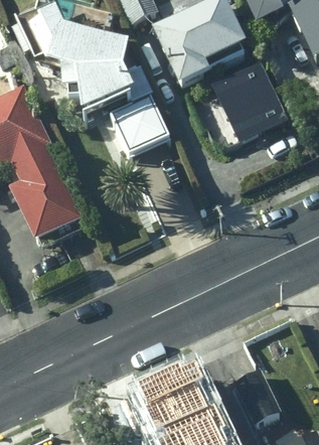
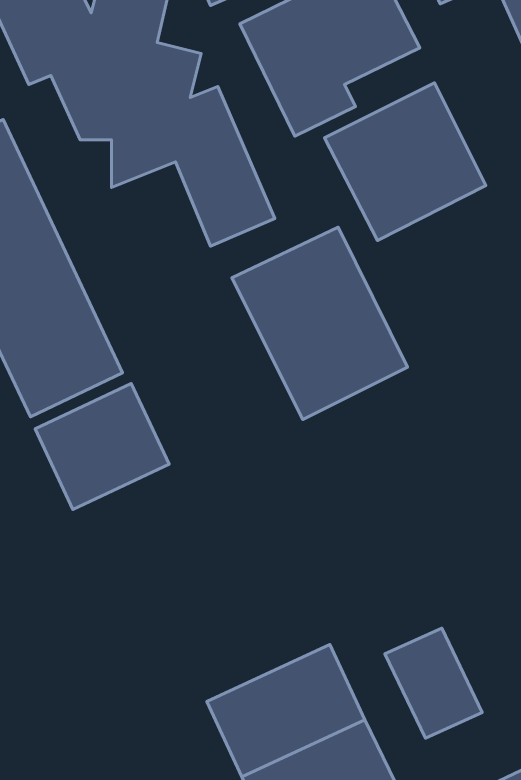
building: none -> [232,227,407,419]
building: none -> [35,384,169,510]

